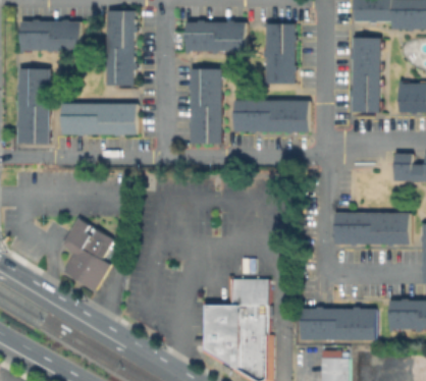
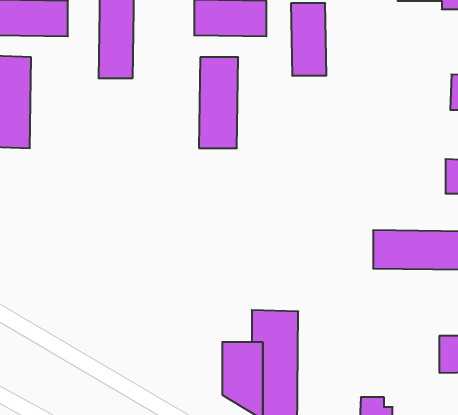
building: [351,37,379,112] -> none
building: [233,100,309,132] -> none
building: [61,103,137,134] -> none
building: [65,218,115,289] -> none
building: [299,307,374,340] -> none

